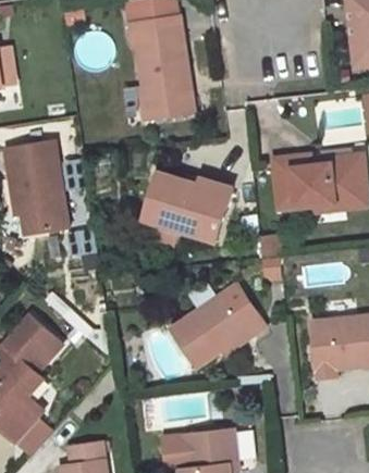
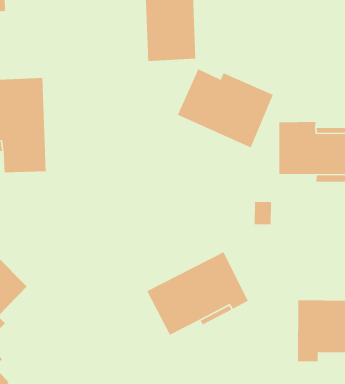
building: [145,172,232,240] -> [177,68,274,149]

